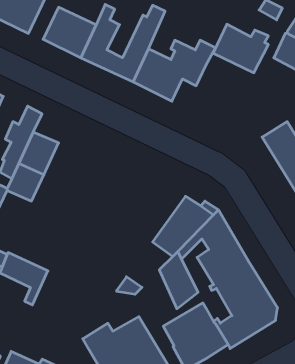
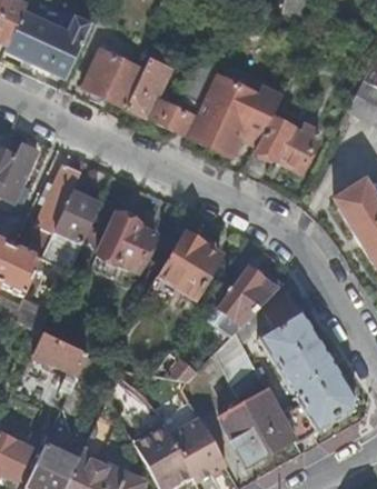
building: [213,24,268,73] -> [255,116,318,171]
building: none -> [92,212,156,276]
building: none -> [149,230,221,301]

